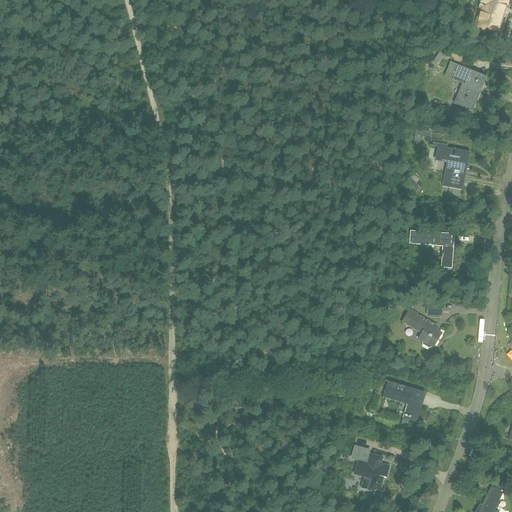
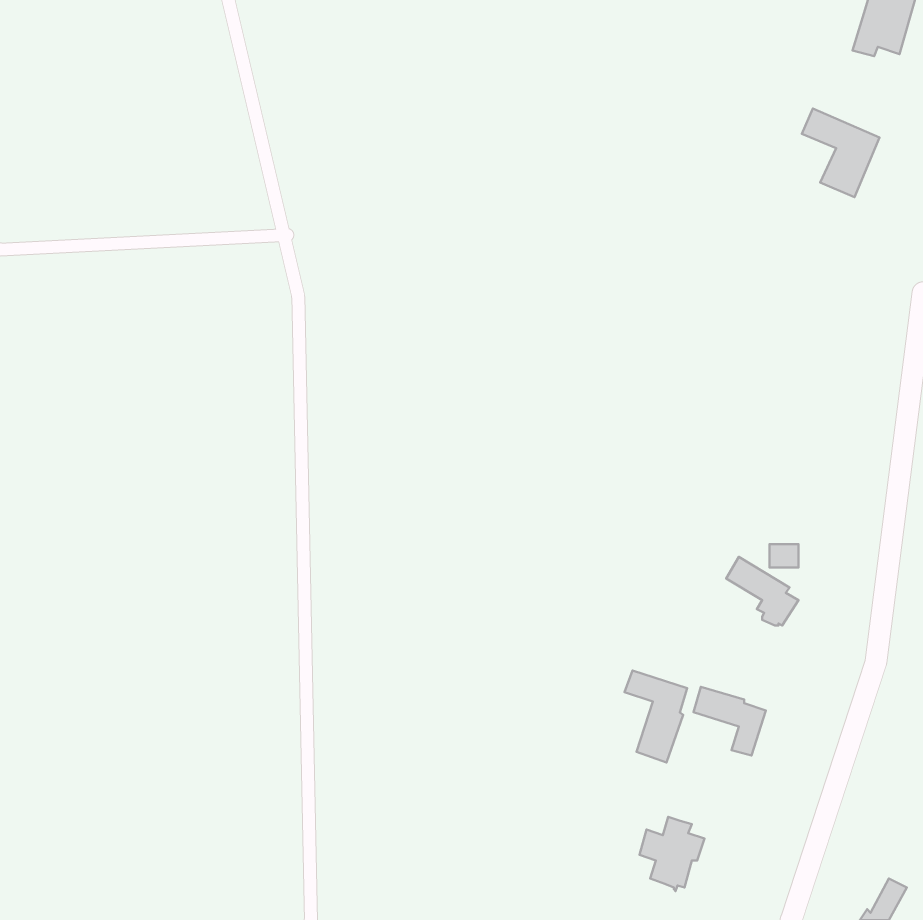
building: [433,141,470,189] -> none
building: [409,229,454,267] -> none
building: none -> [625,671,687,763]

